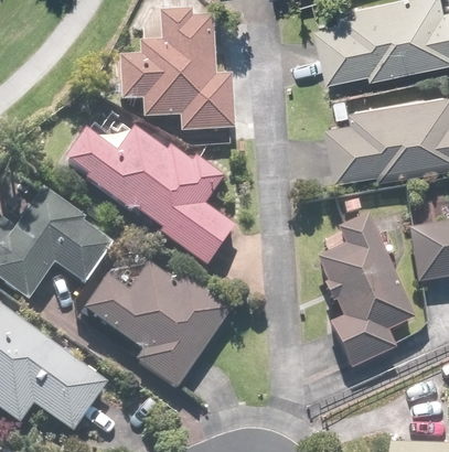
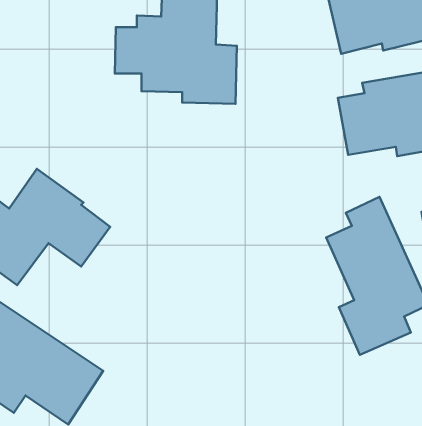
building: [64,128,234,263] -> none
building: [83,263,231,387] -> none

